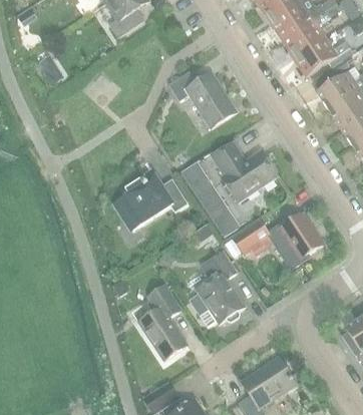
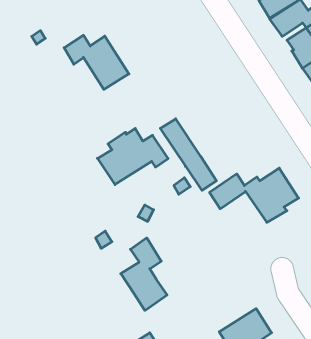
building: [169,70,237,126] -> [64,35,129,89]
building: [212,139,278,200] -> none
building: [197,250,246,326] -> none

